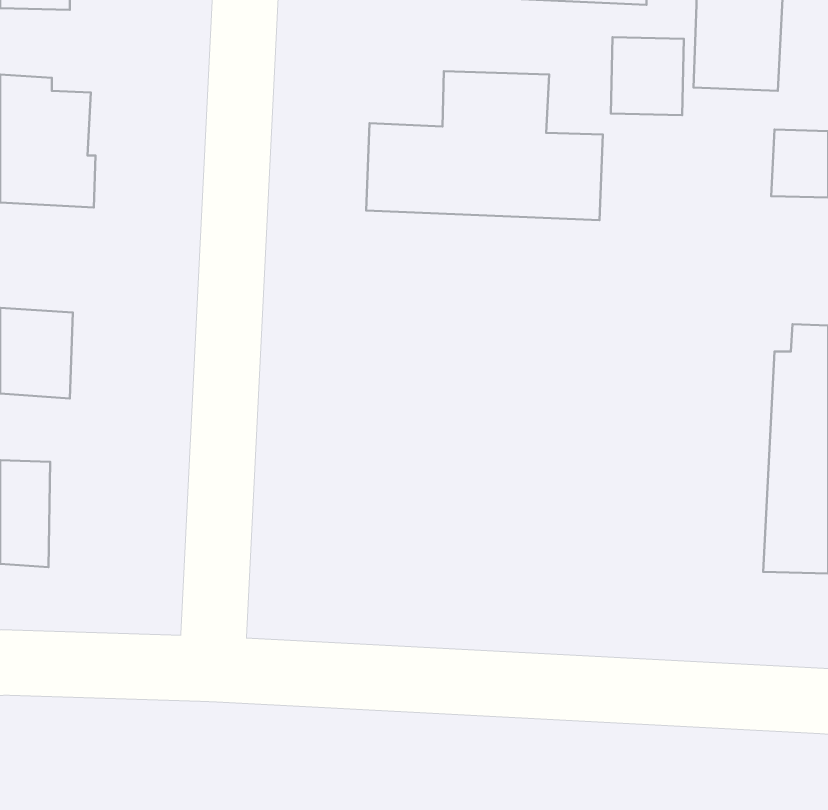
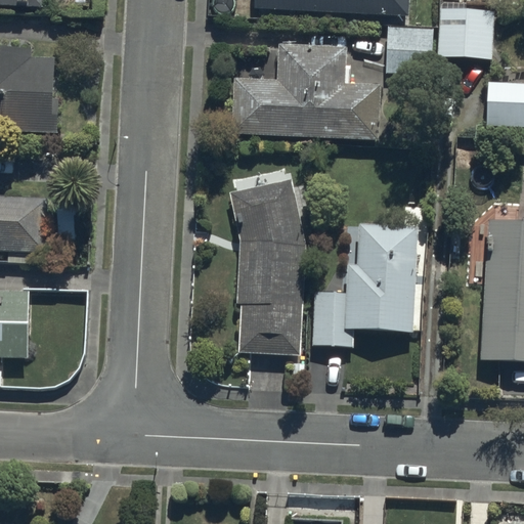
building: none -> [229,178,306,353]
building: none -> [312,225,418,346]

